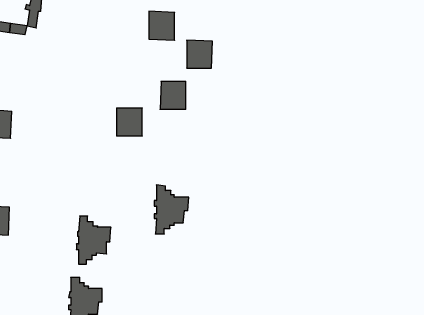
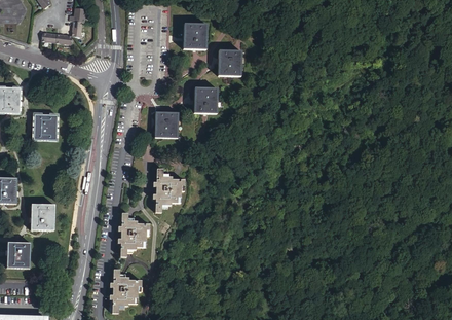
building: [154,185,189,234] -> [153,168,185,213]

